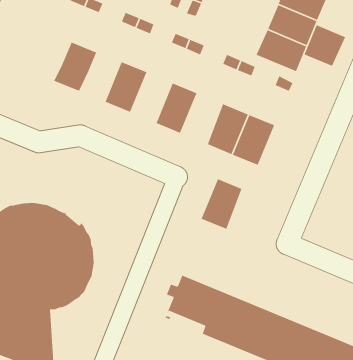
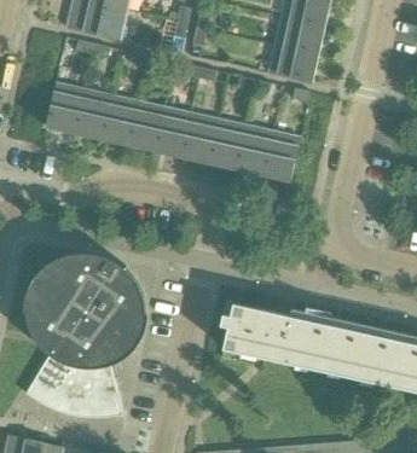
building: [304,24,346,67] -> none
building: none -> [45,83,82,133]
building: none -> [99,97,135,145]
building: none -> [154,108,190,157]
building: [201,178,242,230] -> [207,120,243,169]

